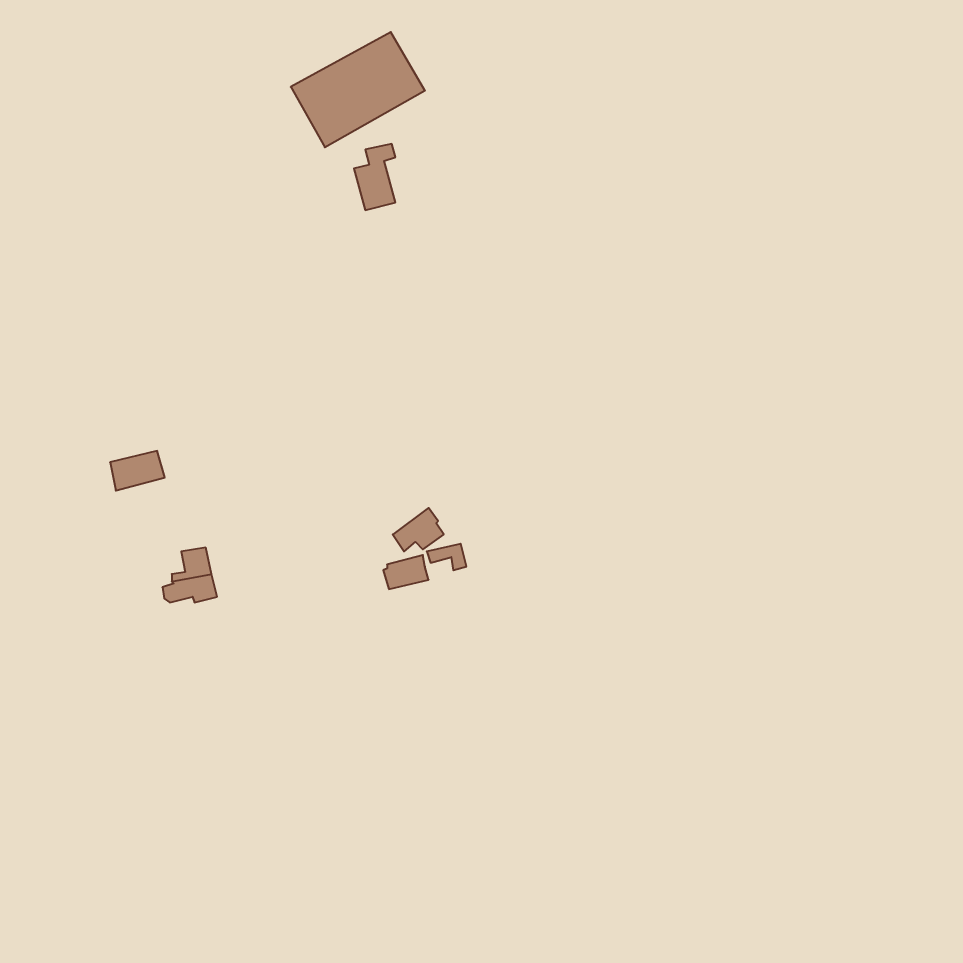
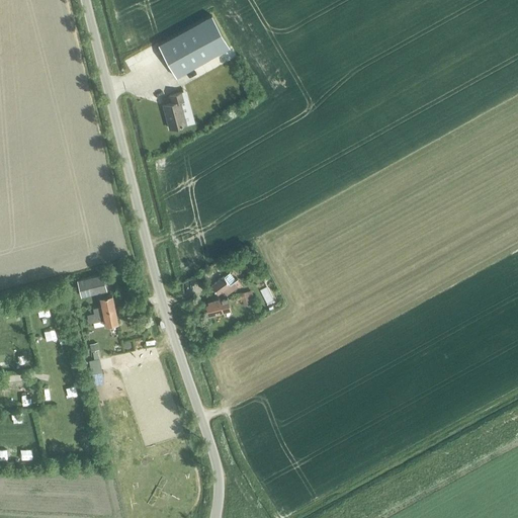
building: [354,144,395,210] -> [163,95,185,131]
building: [110,451,165,491] -> [78,273,107,294]

